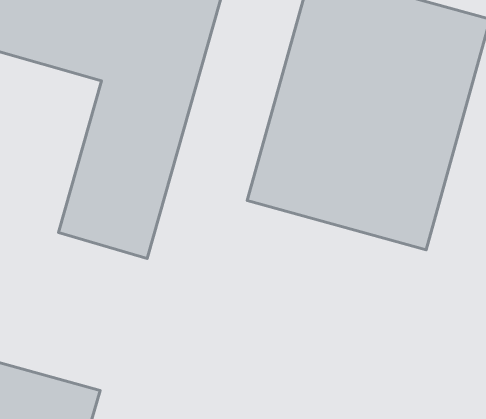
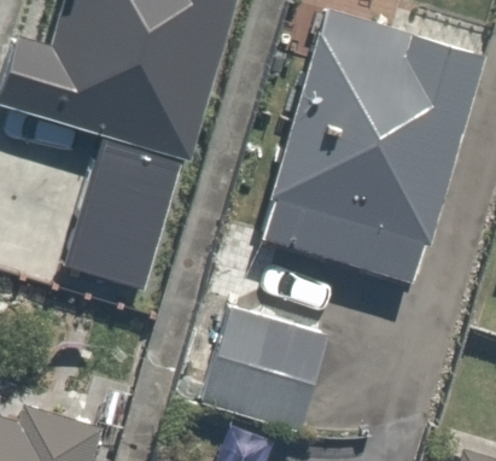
building: none -> [198,304,334,443]

